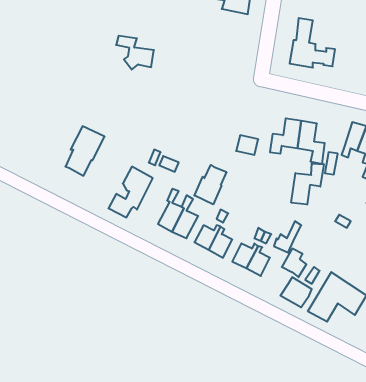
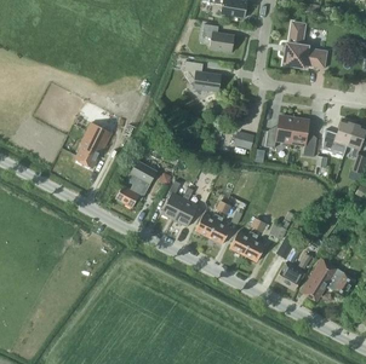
building: none -> [202,24,234,52]
building: [116,36,154,70] -> [184,62,219,93]
building: [291,163,324,205] -> none
building: [194,165,226,204] -> none

